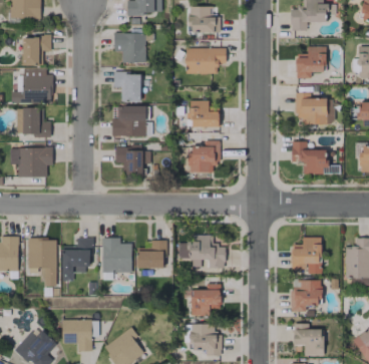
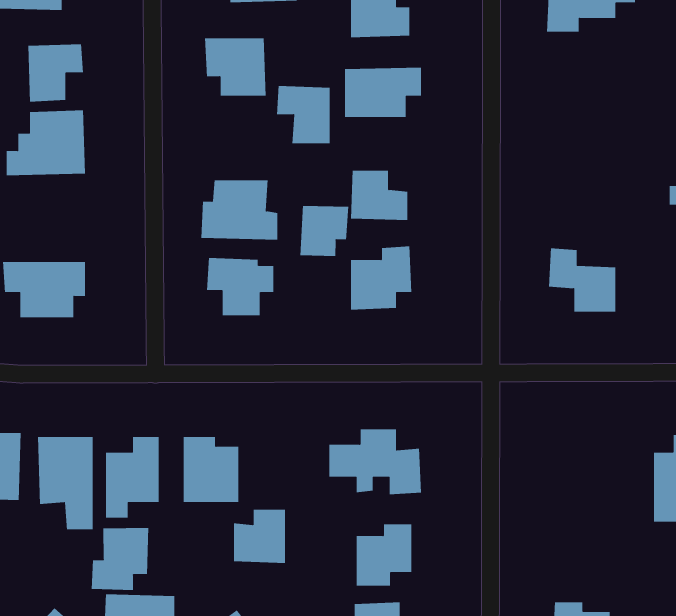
building: [296,46,326,79] -> none
building: [112,72,140,102] -> [276,86,330,144]
building: [295,93,334,124] -> none
building: [16,108,50,136] -> none
building: none -> [300,205,349,257]
building: [290,238,322,275] -> none
building: [137,241,164,269] -> [233,509,286,564]
building: [290,280,321,312] -> none
building: none -> [91,527,149,591]

